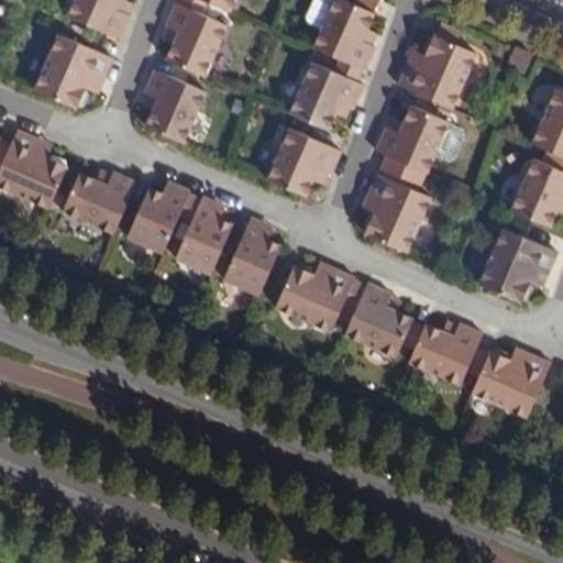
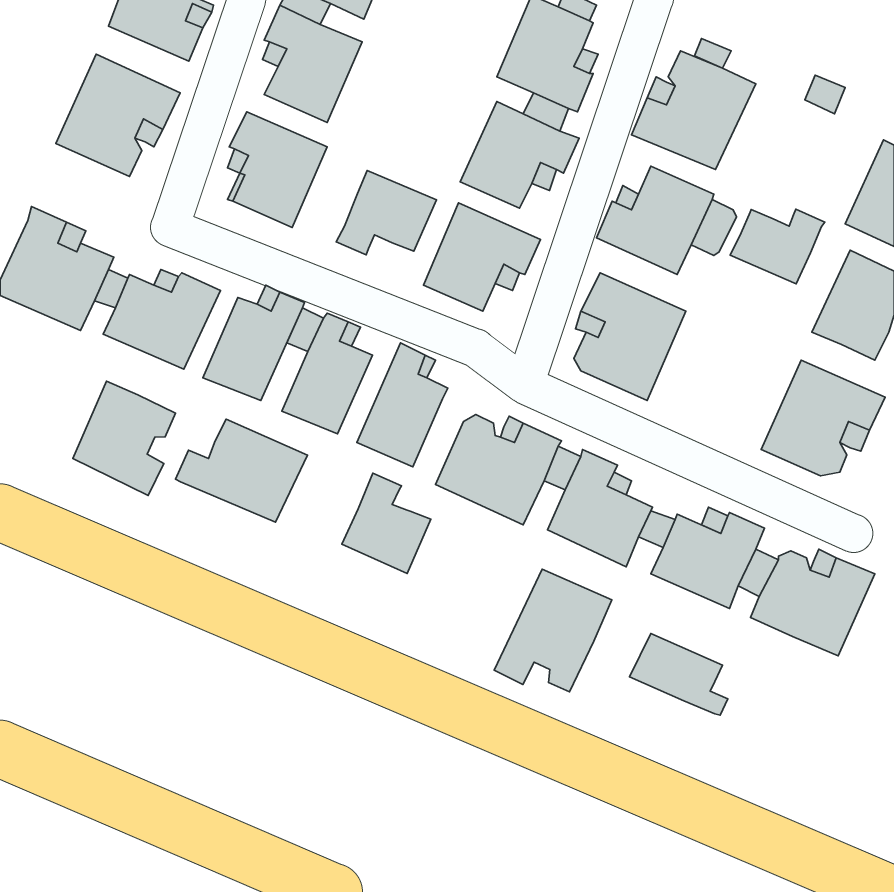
building: none -> [336,170,437,255]
building: none -> [730,209,825,284]
building: none -> [73,381,176,495]
building: none -> [176,419,308,522]
building: none -> [342,473,431,573]
building: none -> [494,569,612,692]
building: none -> [630,633,728,715]

